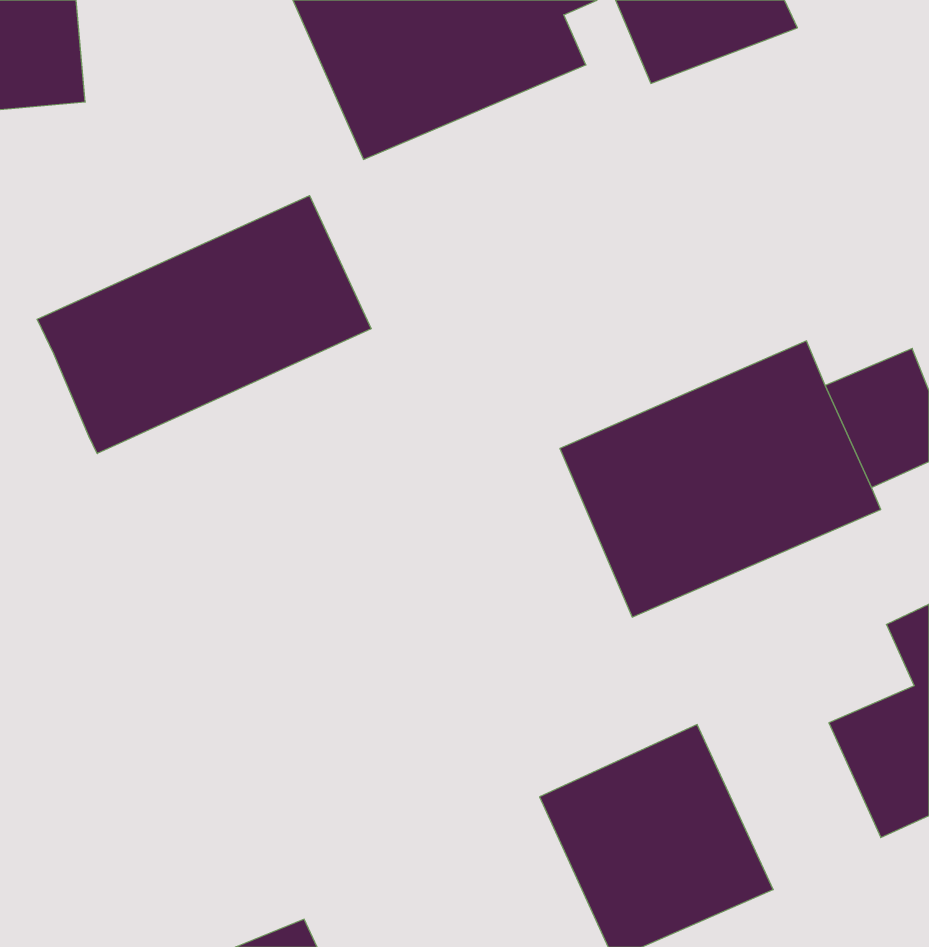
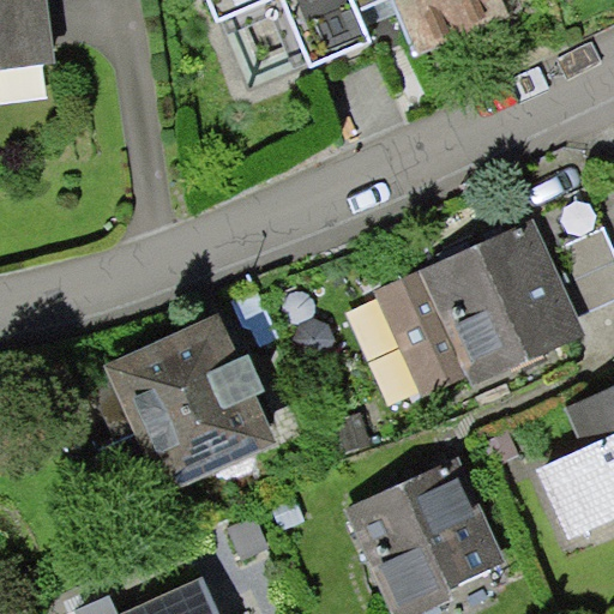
building: [37,196,371,454] -> none
building: none -> [115,321,287,496]

